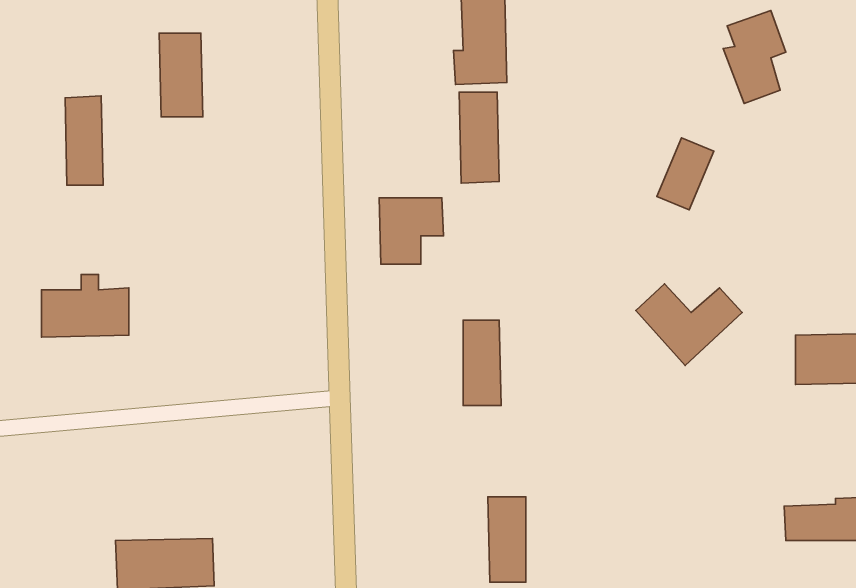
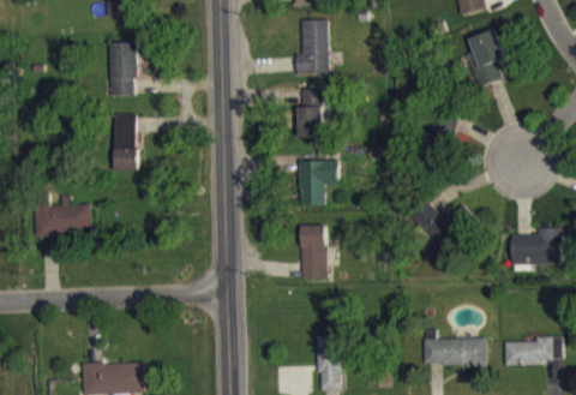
building: [65,96,103,185] -> [113,114,137,170]
building: [379,198,444,264] -> [298,161,338,203]
building: none -> [424,337,486,365]

